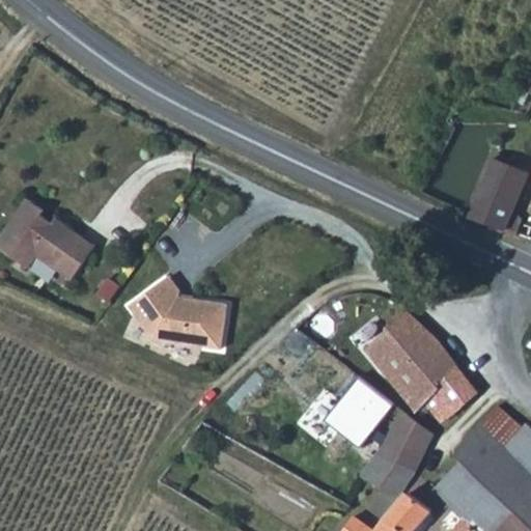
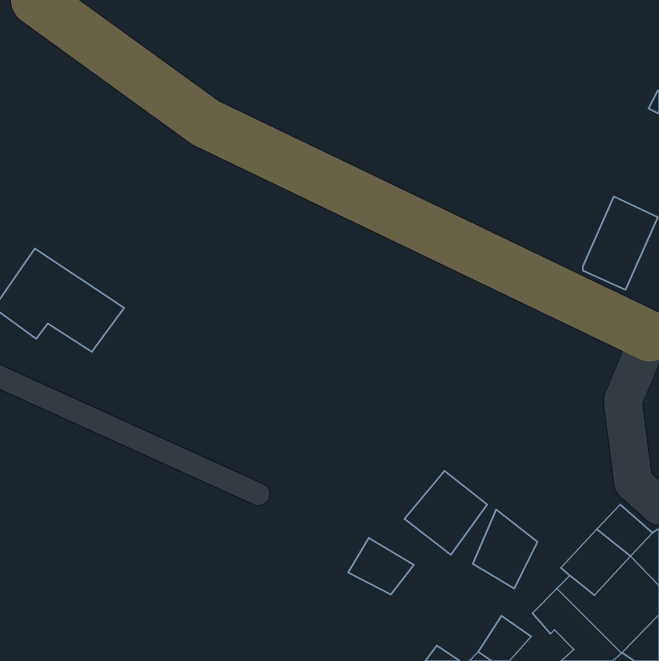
building: [127,276,227,352] -> none
building: [364,308,477,421] -> none
building: [360,450,413,496] -> [348,538,414,595]

